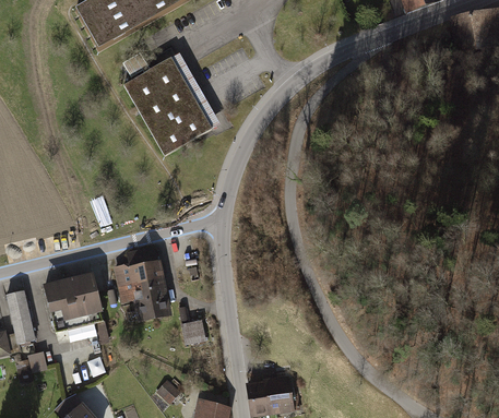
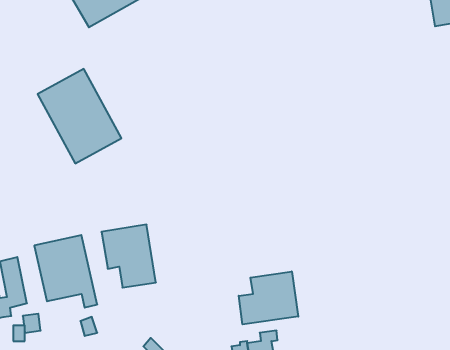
building: [122,53,210,152] -> [38,69,121,163]
building: none -> [239,271,298,324]
building: [181,315,206,341] -> none

